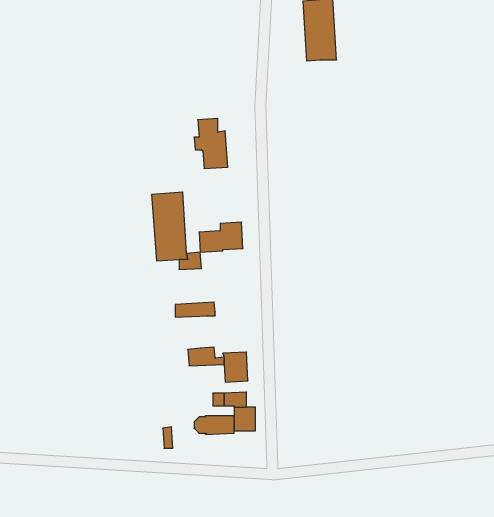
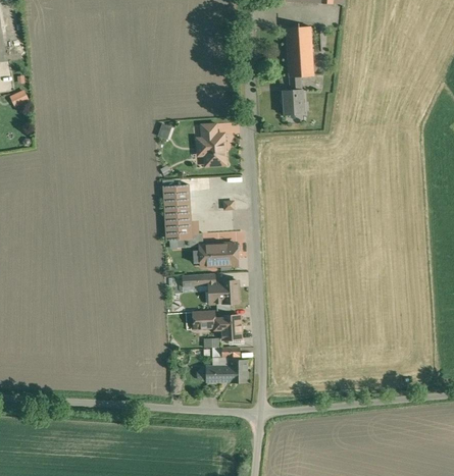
building: none -> [283,75,304,114]
building: [199,222,243,252] -> [201,243,237,267]
building: none -> [208,280,239,310]

